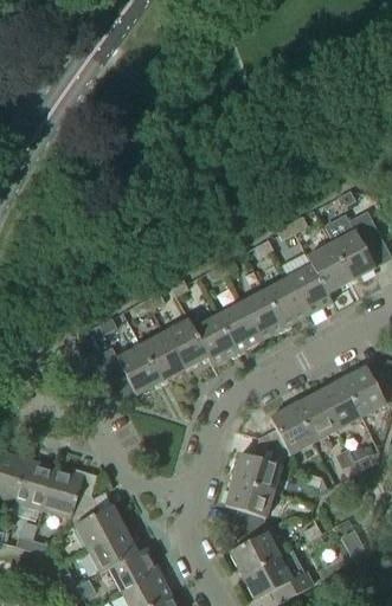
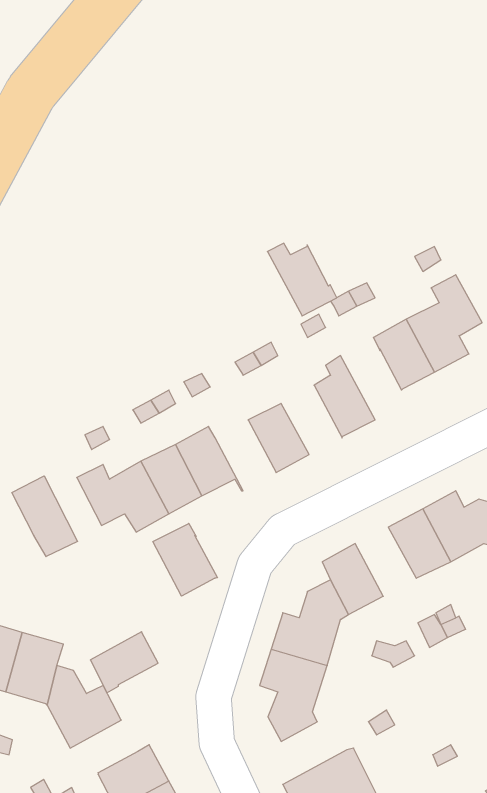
building: [284,262,334,314] -> [267,243,337,316]
building: [242,289,285,339] -> none
building: [194,314,238,365] -> none
building: none -> [12,476,78,557]
building: none -> [153,523,217,596]
building: [295,391,339,440] -> none
building: [90,529,139,573] -> [90,632,158,693]
building: [230,530,294,575] -> none

